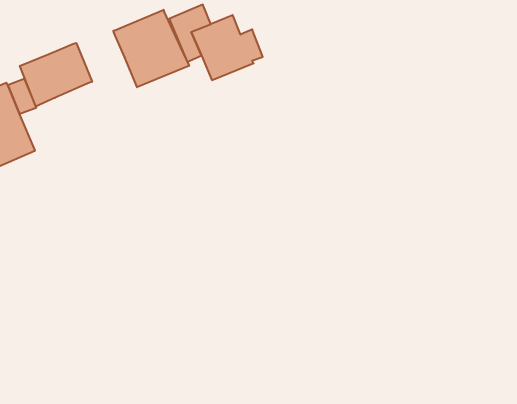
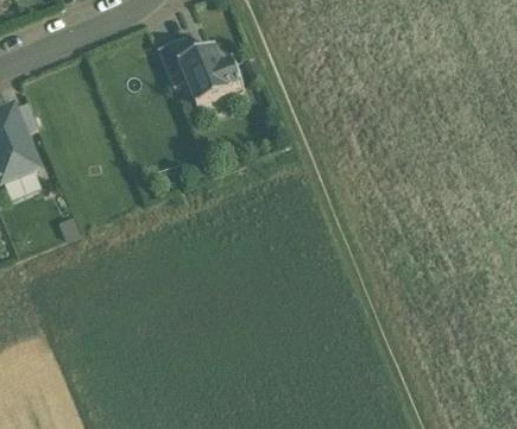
building: [113,10,189,87] -> none
building: [20,43,92,106] -> none

